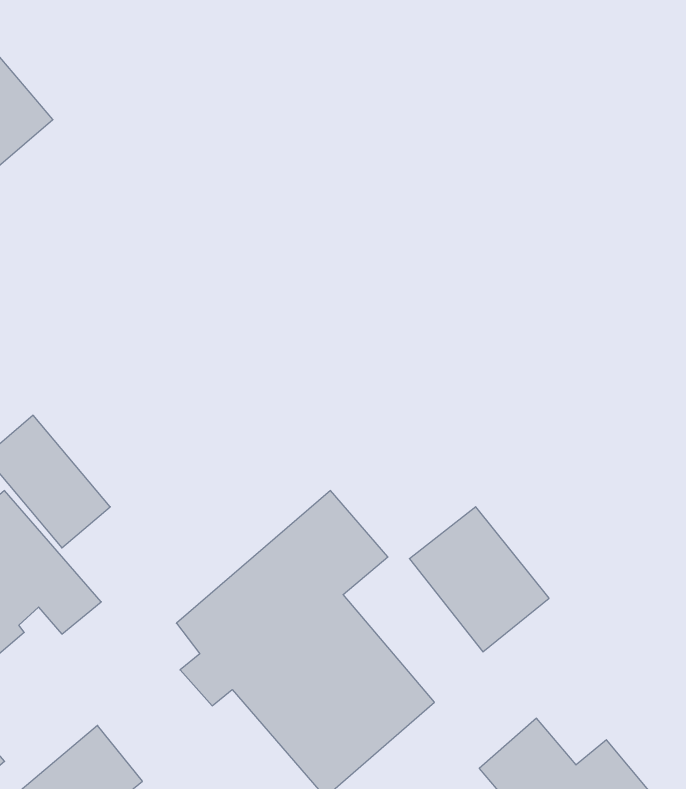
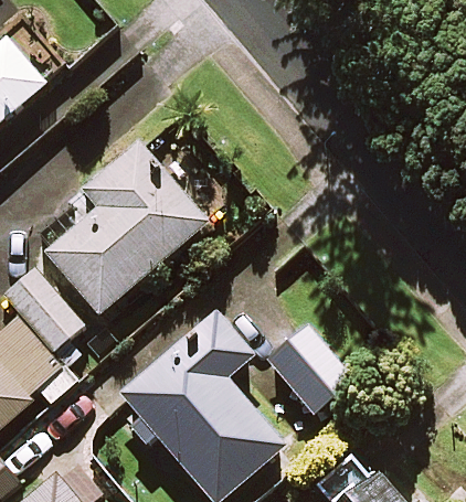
building: none -> [36,140,208,313]

